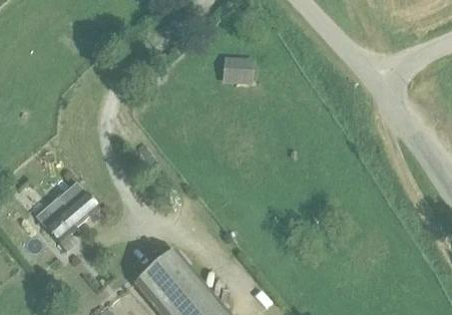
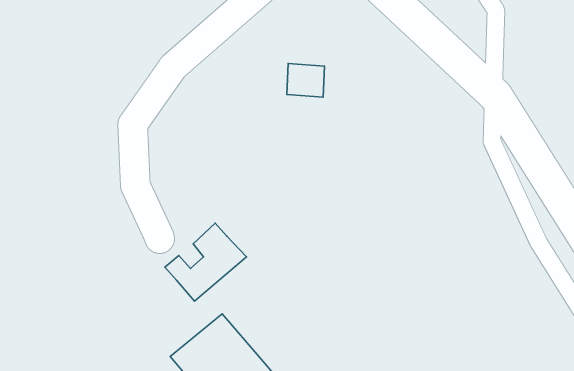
building: [35,182,98,242] -> [165,223,246,301]

